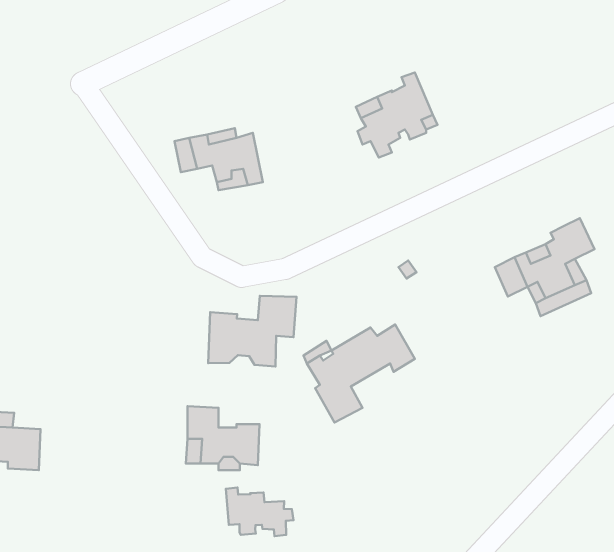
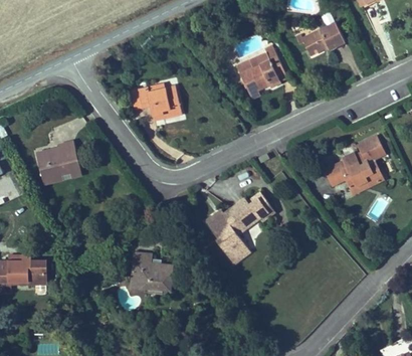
building: none -> [296,21,346,54]
building: none -> [32,137,74,172]
building: [208,296,297,367] -> none
building: [226,488,293,536] -> none

